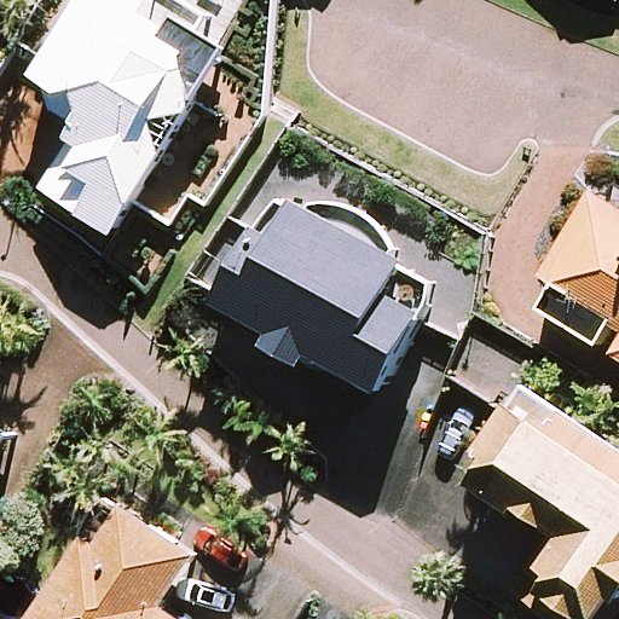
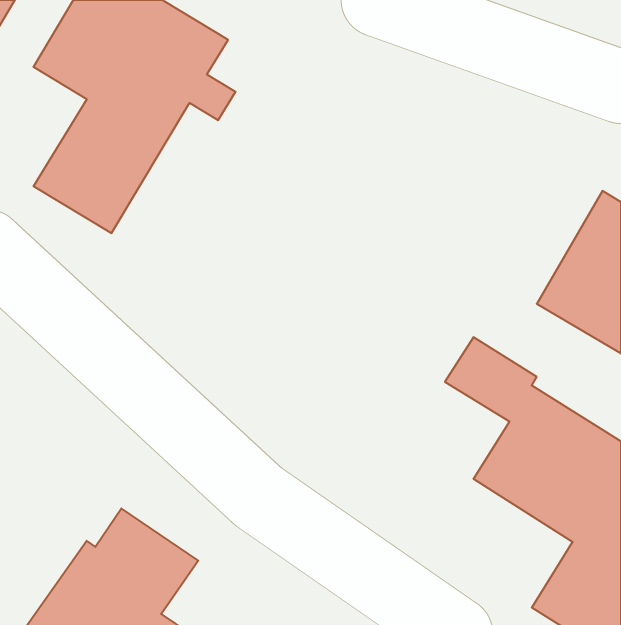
building: [213,190,429,392] -> none

